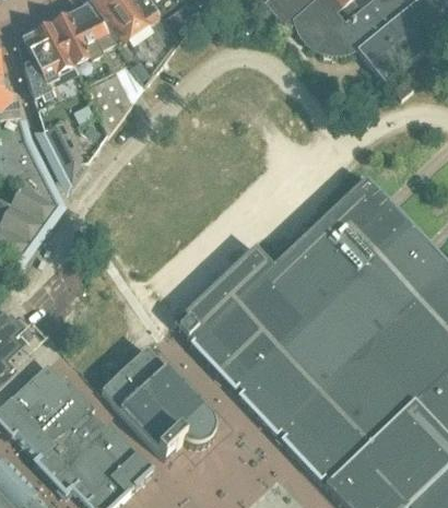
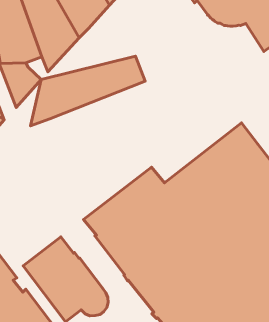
building: none -> [30,56,145,126]

